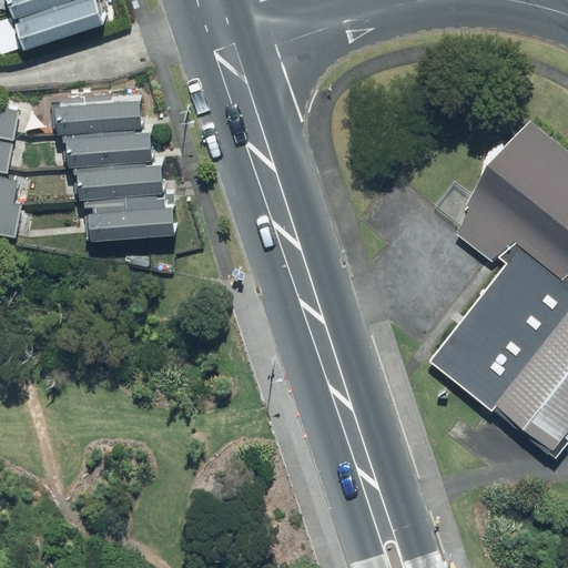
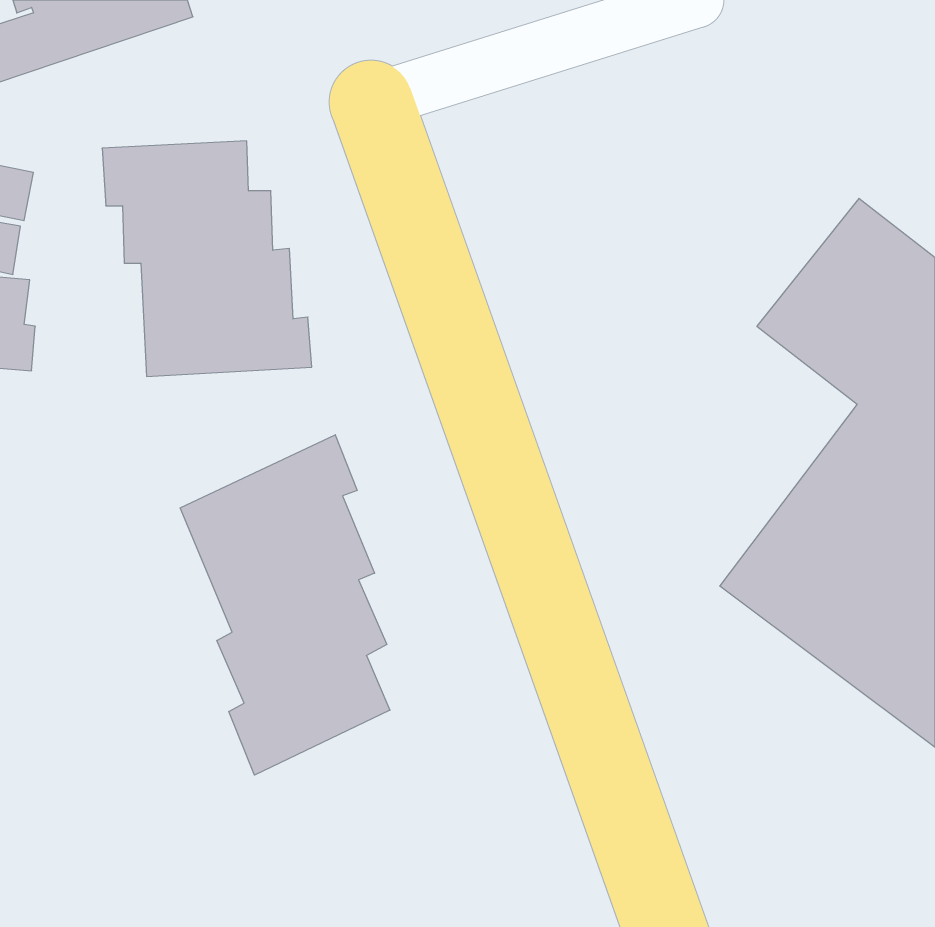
building: none -> [180,435,390,775]

